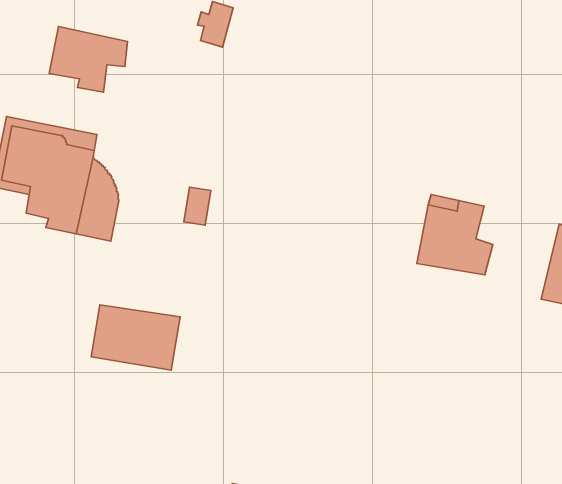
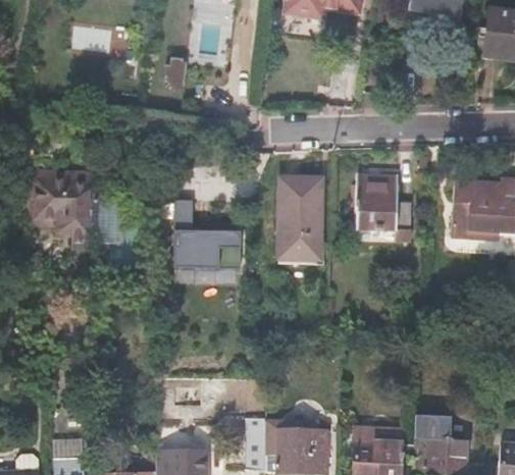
building: [49,26,128,92] -> none
building: none -> [277,177,321,260]
building: [91,305,180,370] -> [177,226,239,267]

